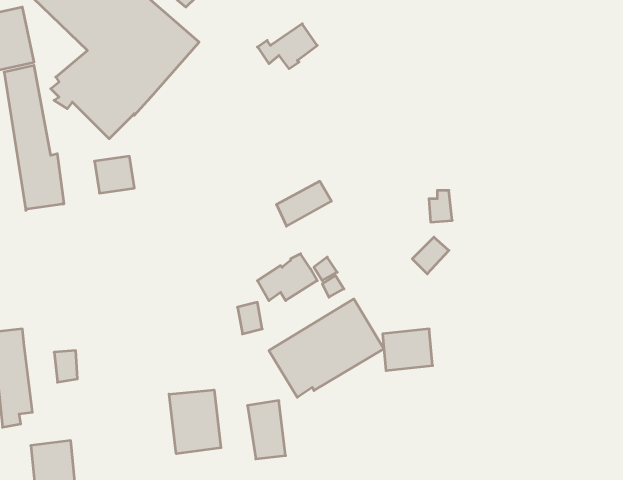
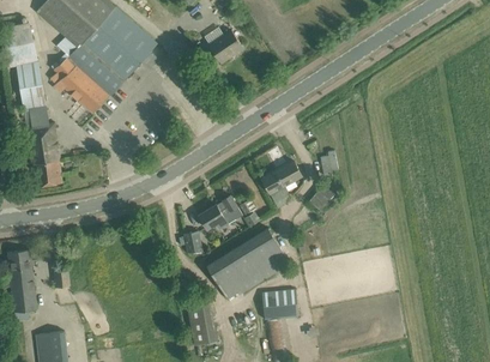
building: [94,156,134,193] -> [32,159,61,186]
building: [276,181,331,226] -> [261,161,301,193]
building: [383,329,433,371] -> [261,289,297,319]
building: [169,390,221,454] -> none

